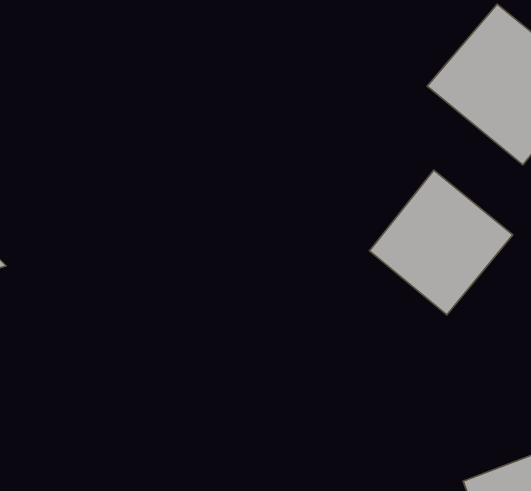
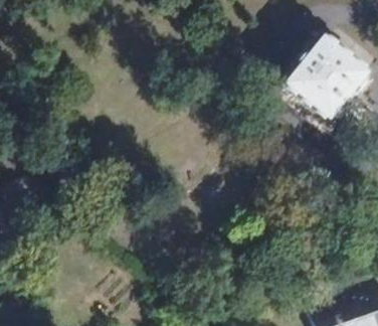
building: [370,170,513,315] -> none

